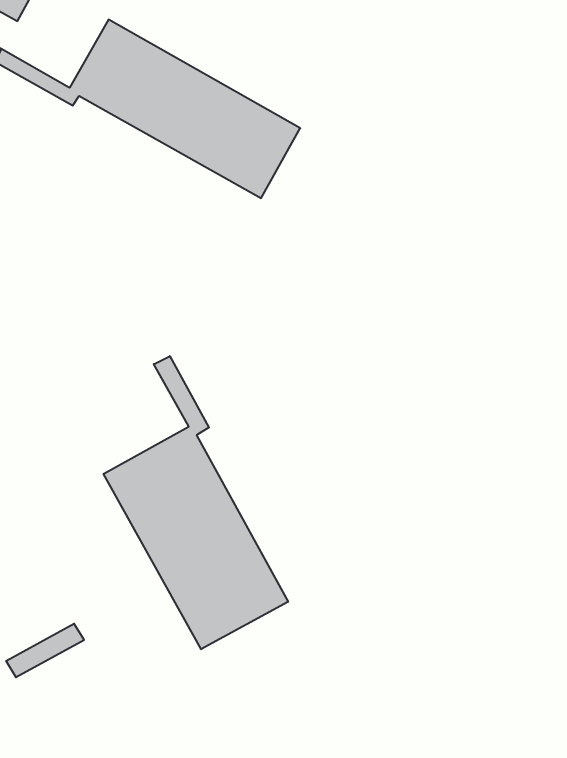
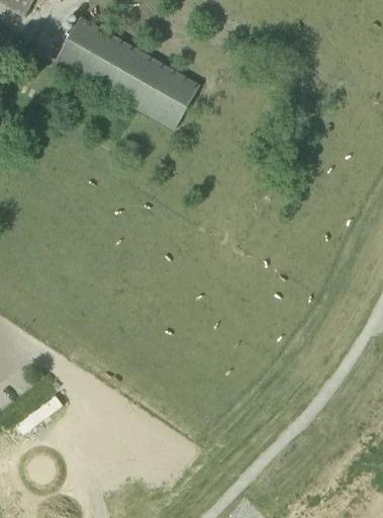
building: [104,356,288,649] -> none

